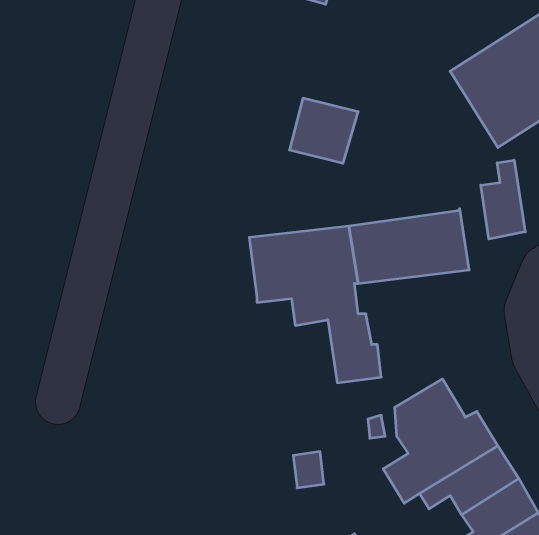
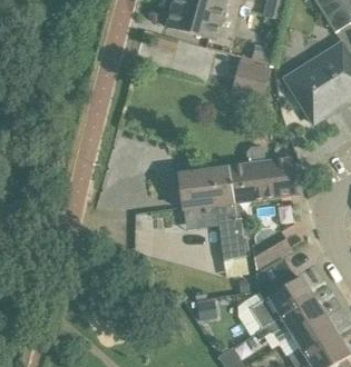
building: [289,98,358,163] -> [231,60,271,98]
building: [481,160,525,239] -> none
building: none -> [252,230,290,268]

